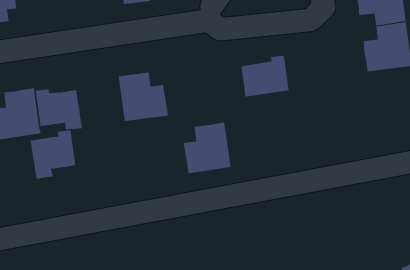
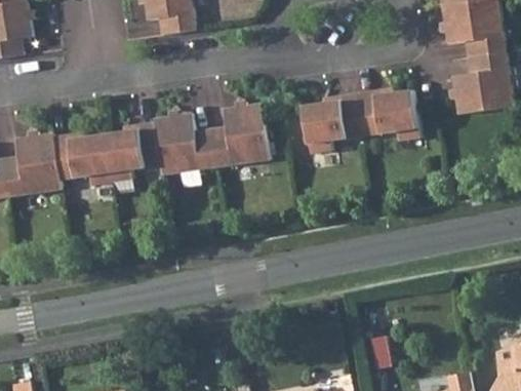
building: none -> [355,90,416,136]
building: [183,122,232,174] -> [208,104,268,167]
building: [30,129,76,179] -> [103,122,159,183]

